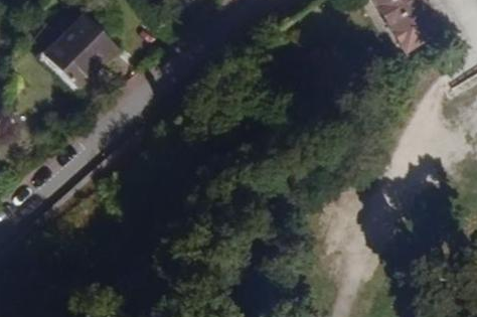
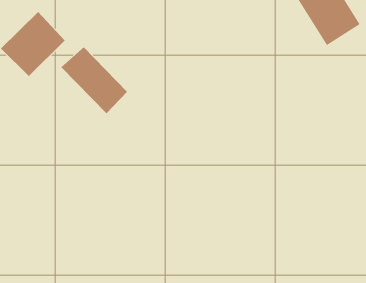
building: none -> [61,46,128,114]

